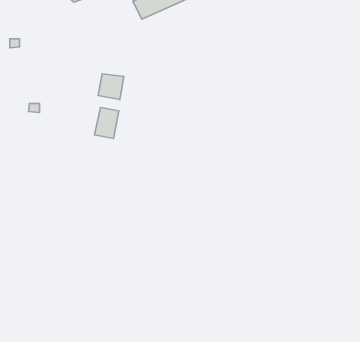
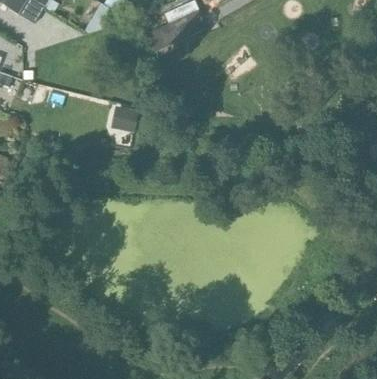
building: [95,107,119,139] -> none

